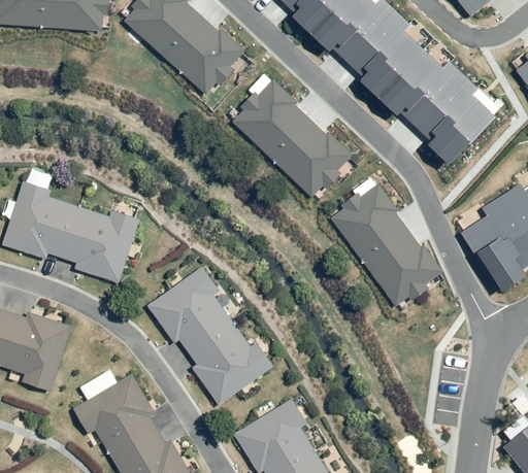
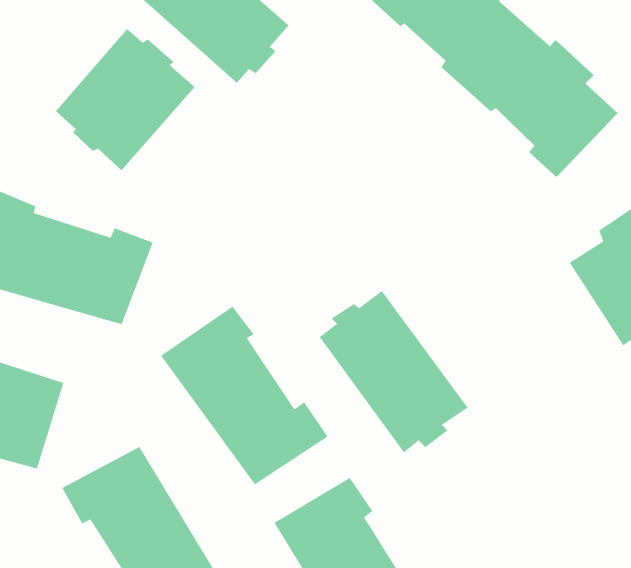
building: none -> [55,28,196,171]
building: [232,80,352,198] -> none
building: [330,183,444,308] -> [319,290,468,453]

